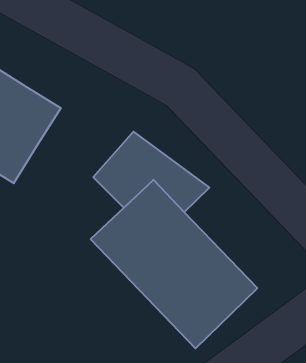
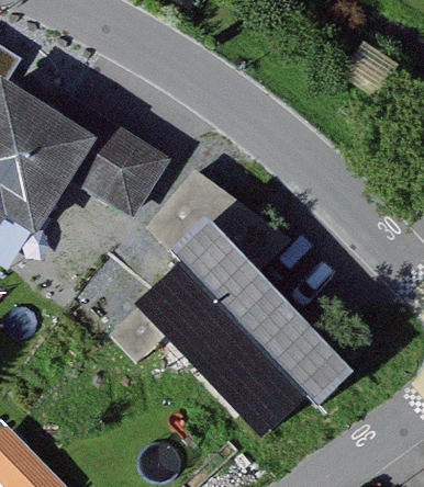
building: none -> [55,94,167,219]

